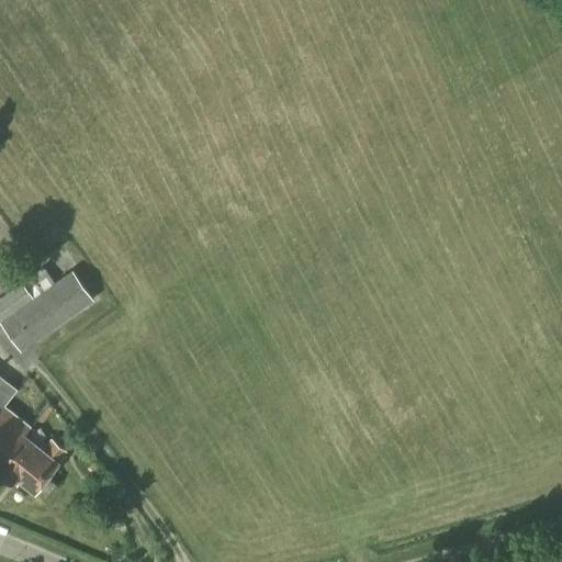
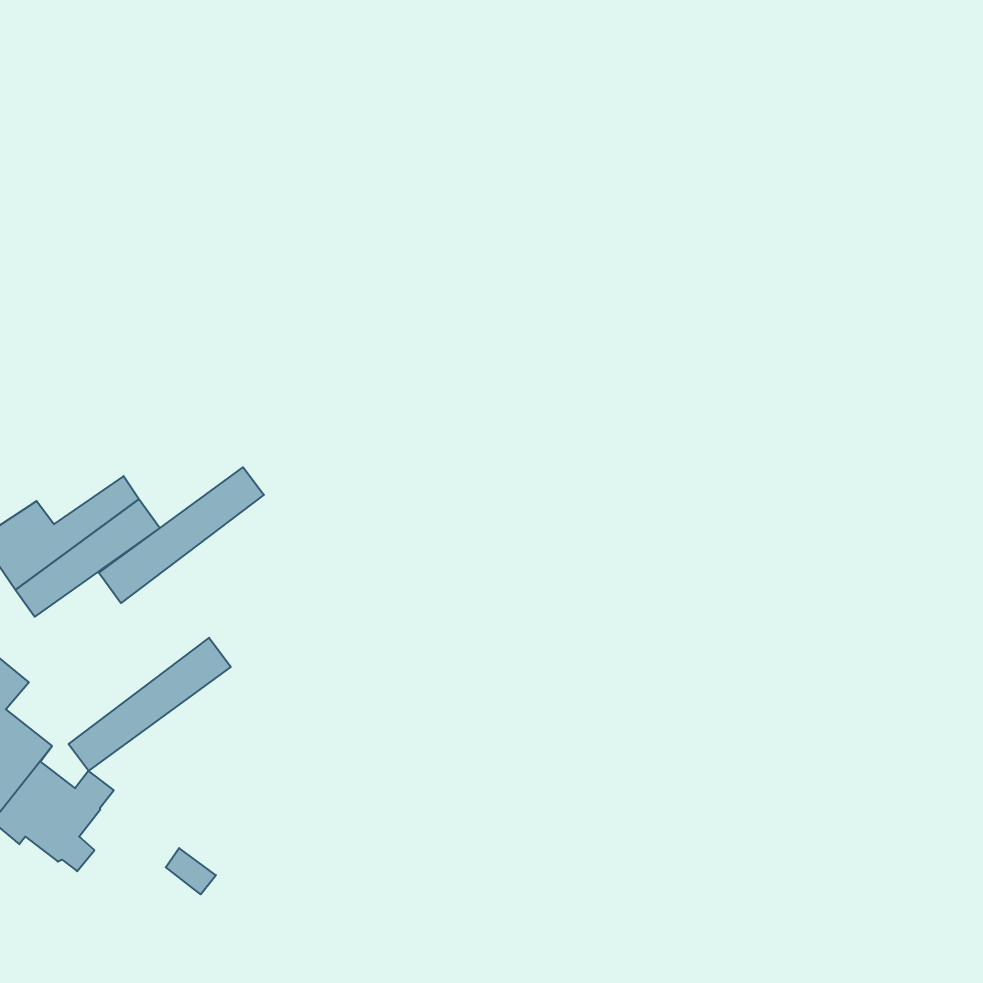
building: none -> [99,467,264,603]
building: none -> [69,638,231,771]

